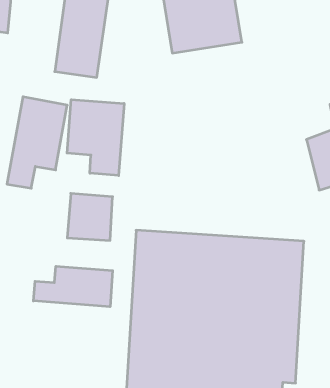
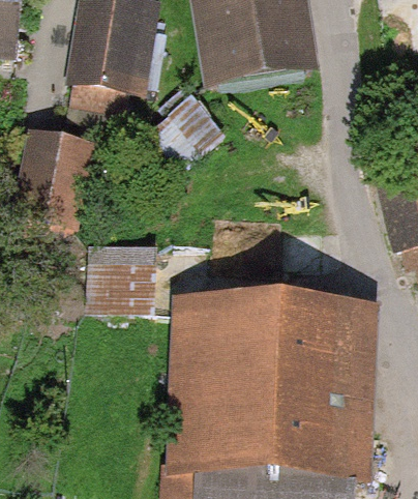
building: [67,100,124,176] -> none
building: [33,266,113,307] -> none

